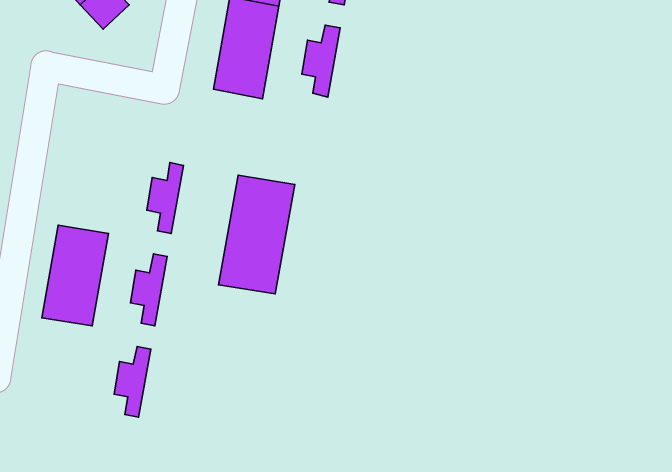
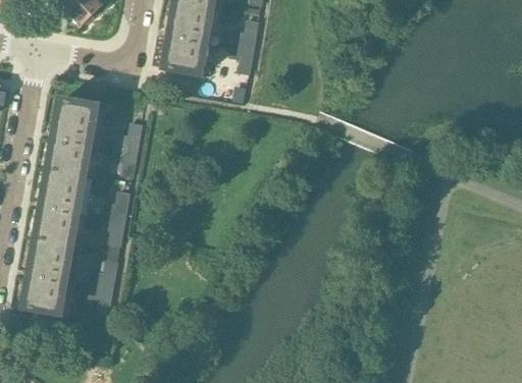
building: none -> [48,100,98,176]
building: [218,175,295,294] -> none
building: none -> [23,239,73,315]

